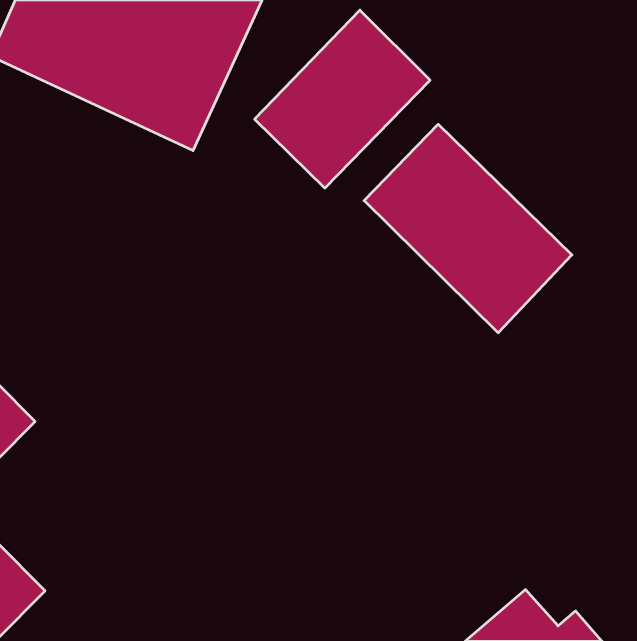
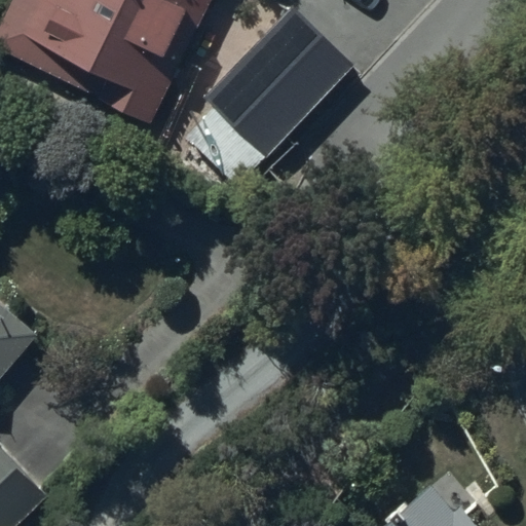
building: [364,124,572,333] -> none

